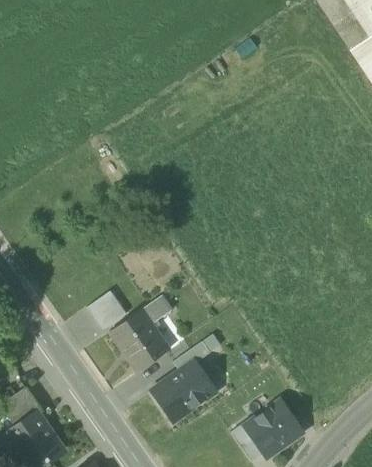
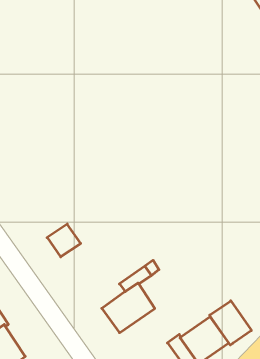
building: [113,293,175,370] -> none
building: none -> [210,301,251,345]

